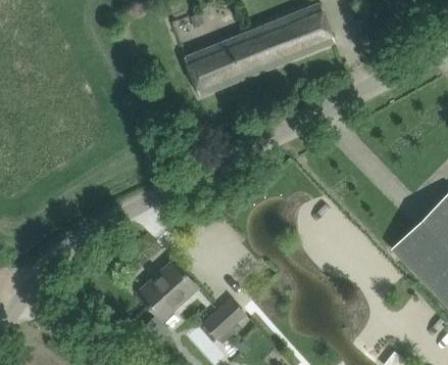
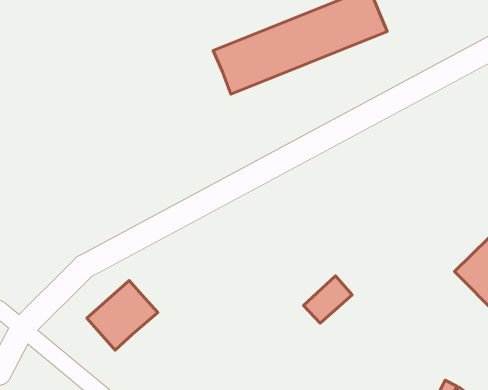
building: [138,261,199,321] -> [87,280,158,350]
building: [204,299,246,339] -> [304,276,352,323]

